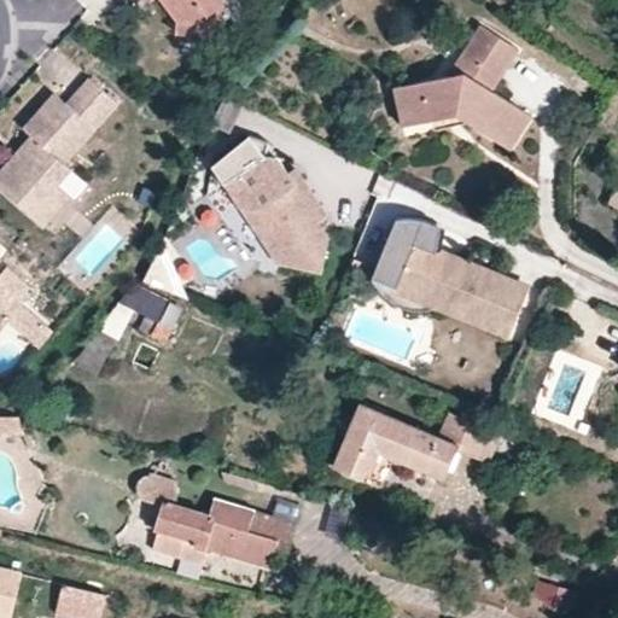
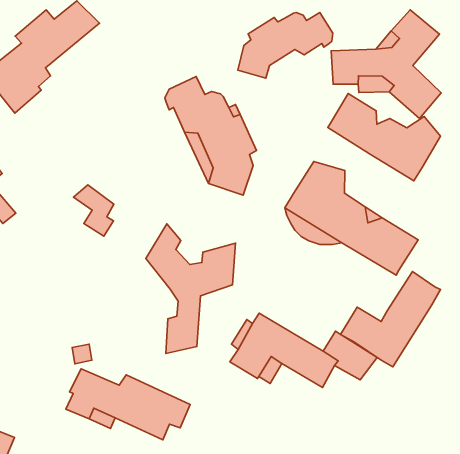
building: none -> [238,12,333,78]
building: none -> [328,94,441,181]
building: none -> [146,224,236,354]
building: none -> [341,271,441,367]

